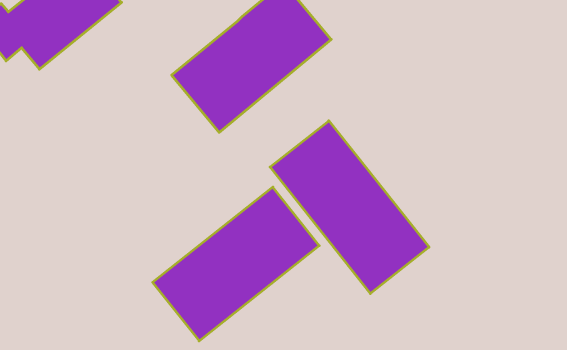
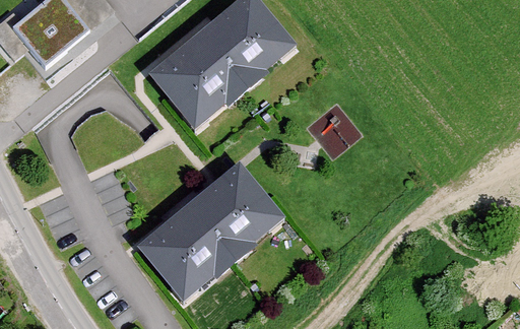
building: [270,121,429,294] -> none

